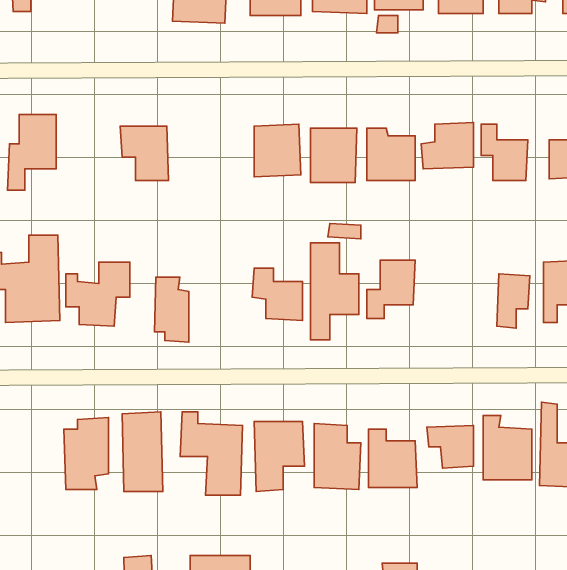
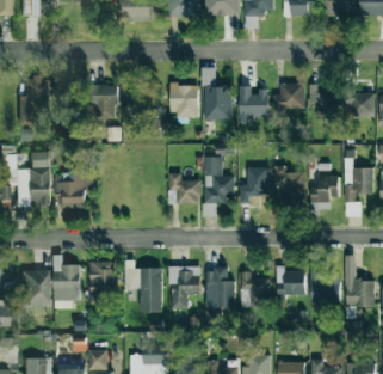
building: none -> [274,165,305,203]
building: [154,277,189,342] -> none
building: none -> [20,269,50,307]

